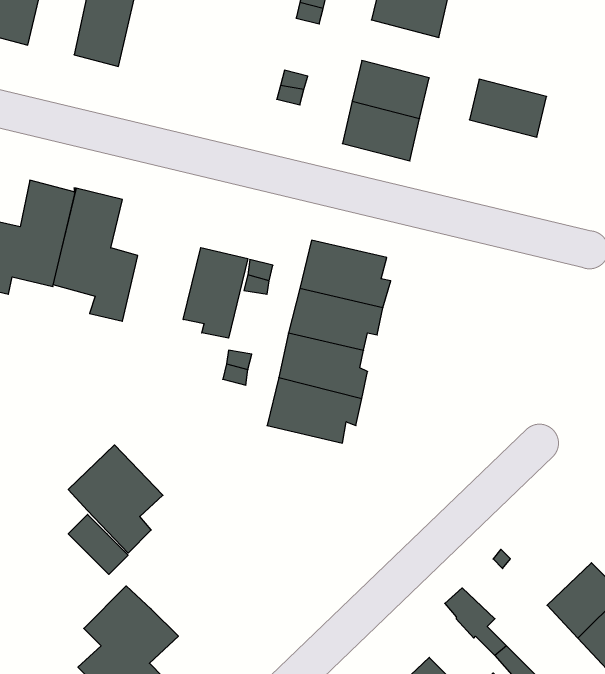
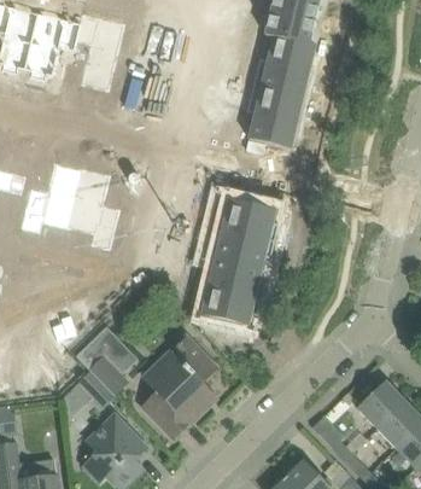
building: [469,79,547,137] -> [261,62,309,98]
building: [183,248,248,338] -> none
building: none -> [144,338,215,437]
building: none -> [357,380,404,427]

